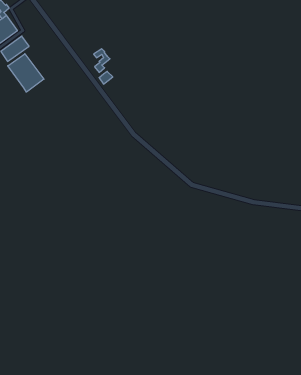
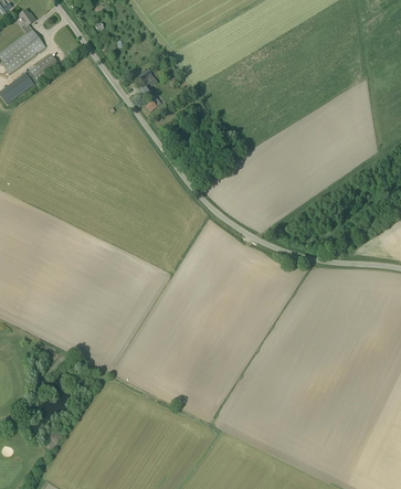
building: [8,54,44,92] -> none

